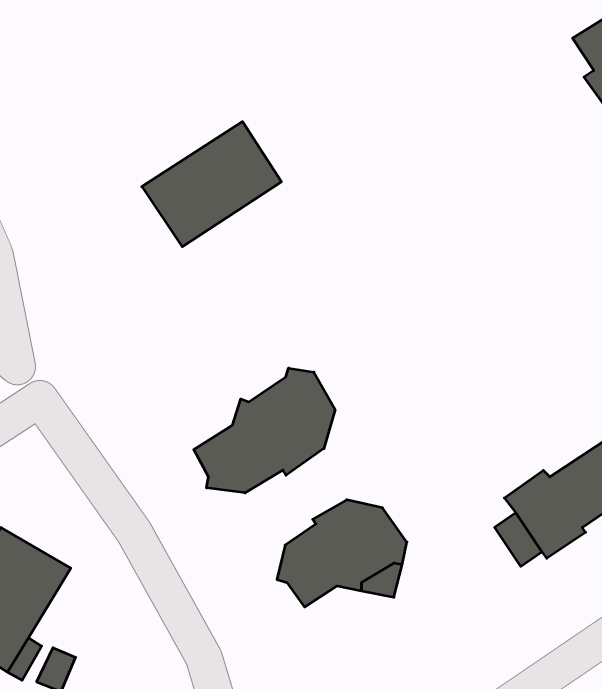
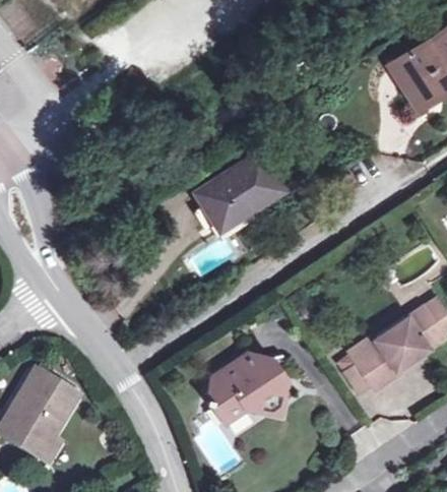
building: [142,122,281,247] -> [195,150,282,229]
building: [194,368,335,493] -> none

